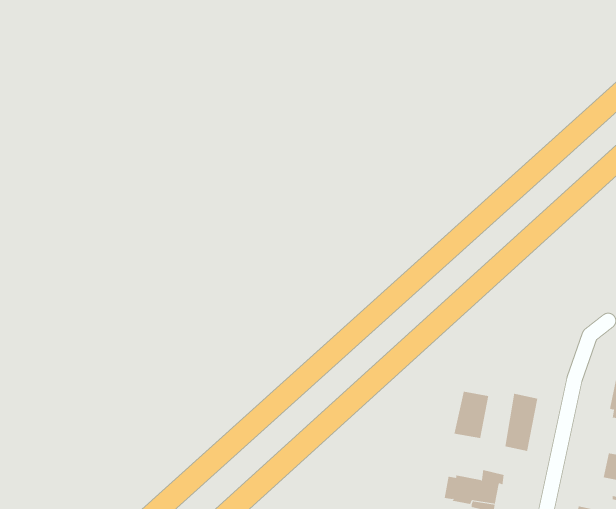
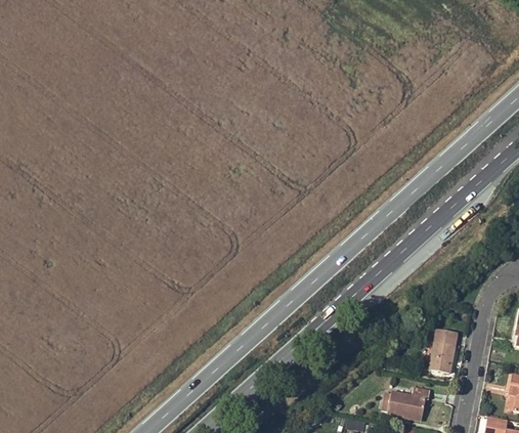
building: [454,391,489,439] -> none

